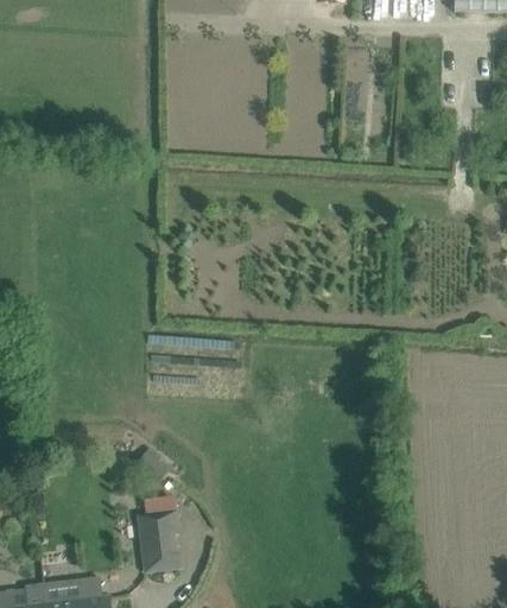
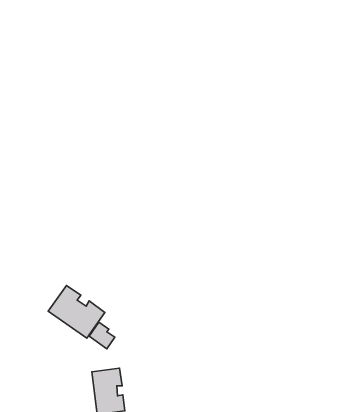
building: none -> [48,285,105,338]

